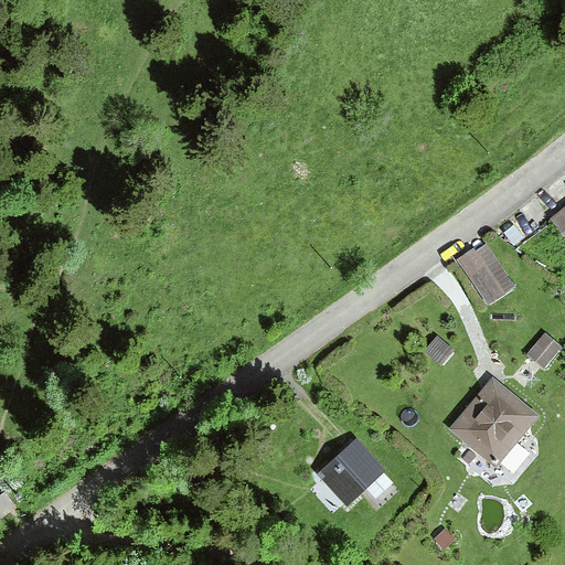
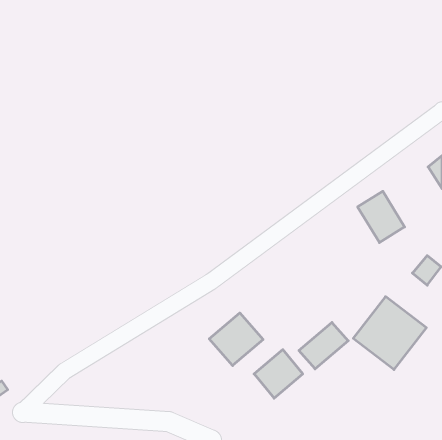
building: none -> [209,313,263,366]
building: none -> [299,322,348,369]

